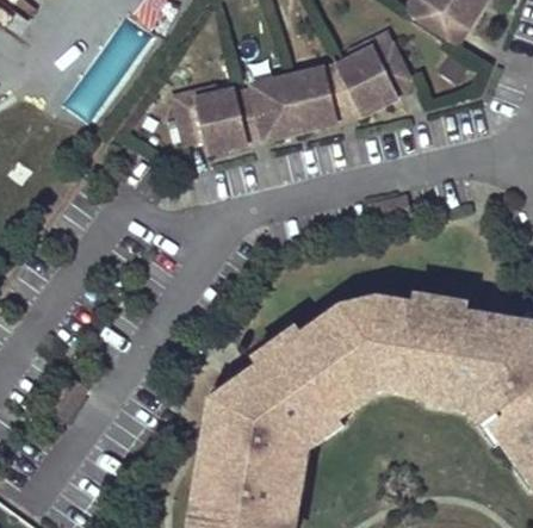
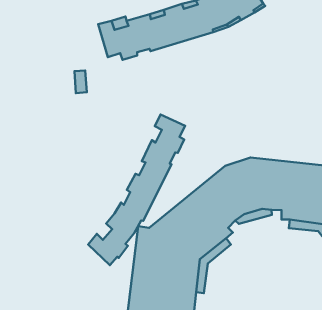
building: none -> [88,114,185,265]

